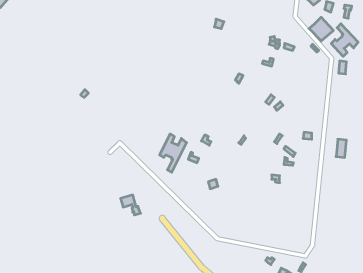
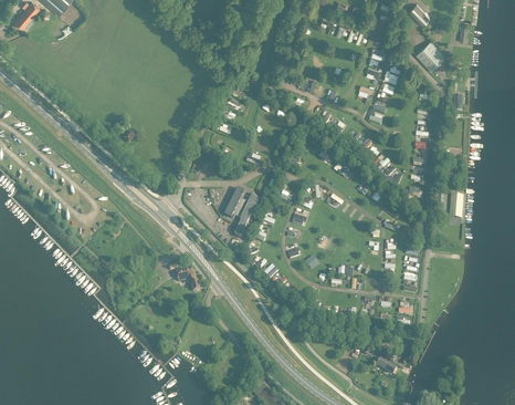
building: [331,24,358,56] -> none

